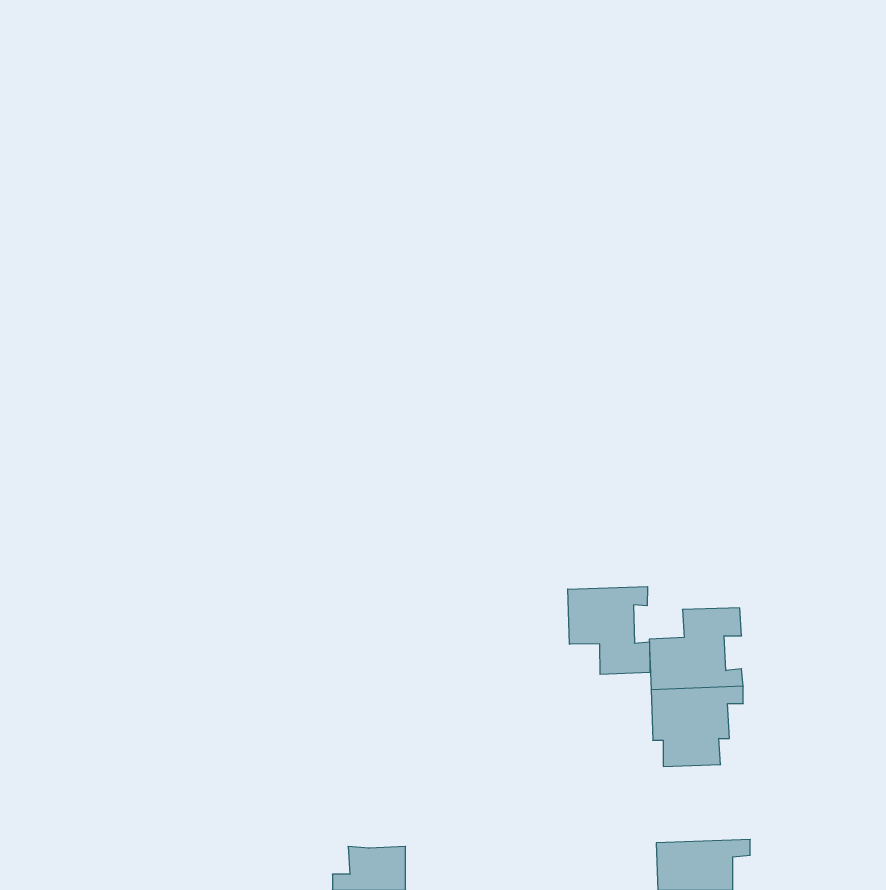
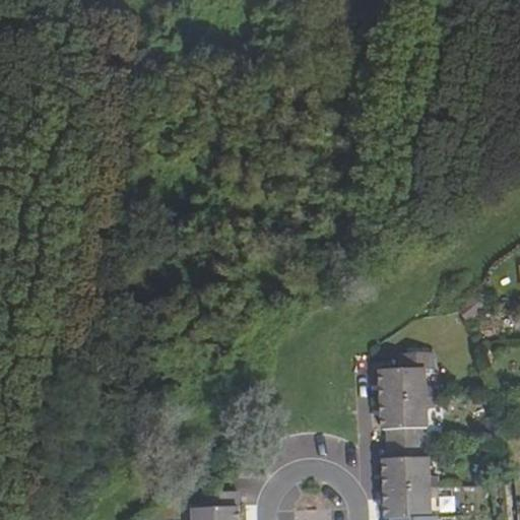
building: [568,587,650,674] -> none
building: none -> [382,446,438,492]

